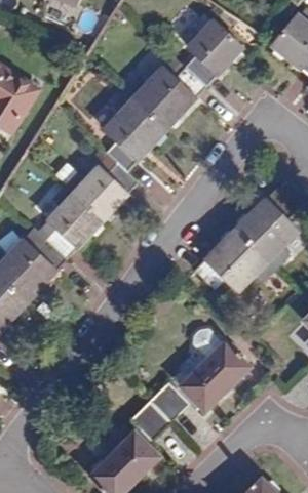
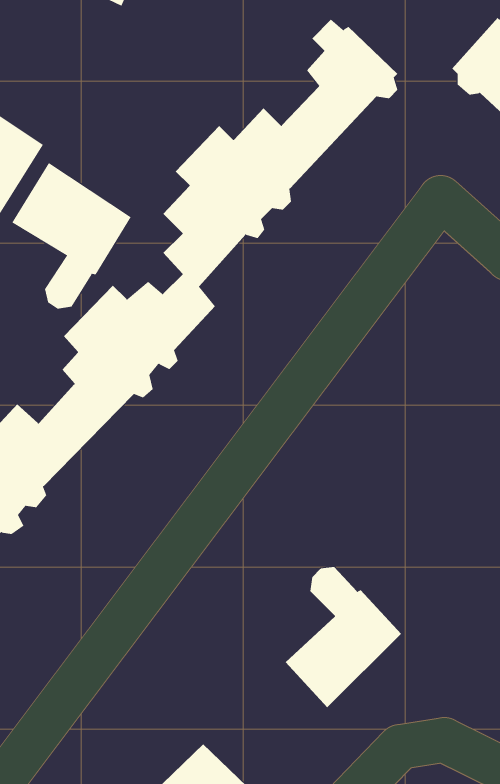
building: none -> [11,162,132,310]
building: [194,189,297,291] -> none
building: [126,381,186,442] -> none

